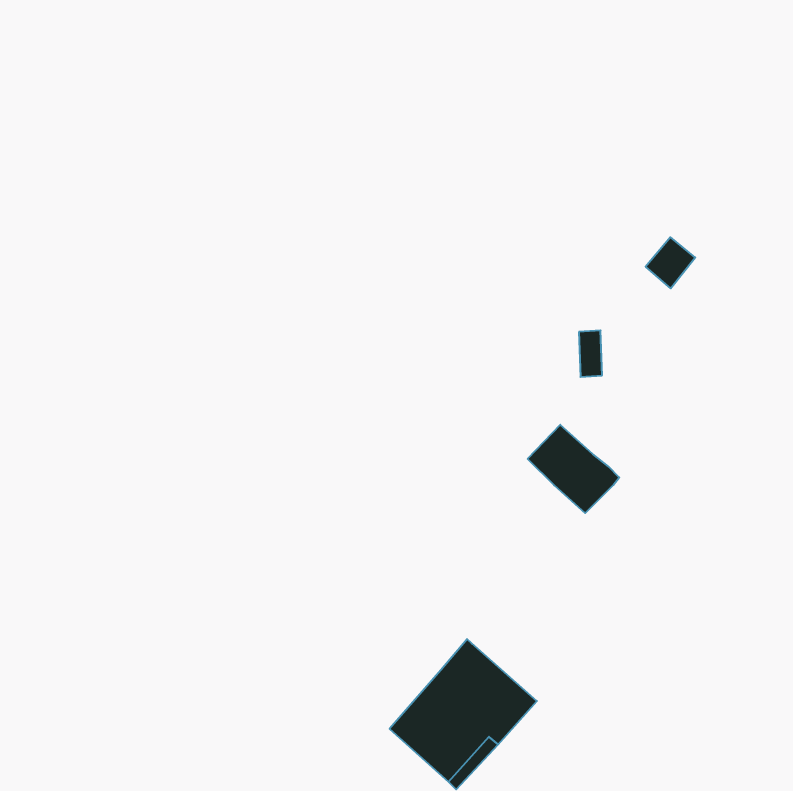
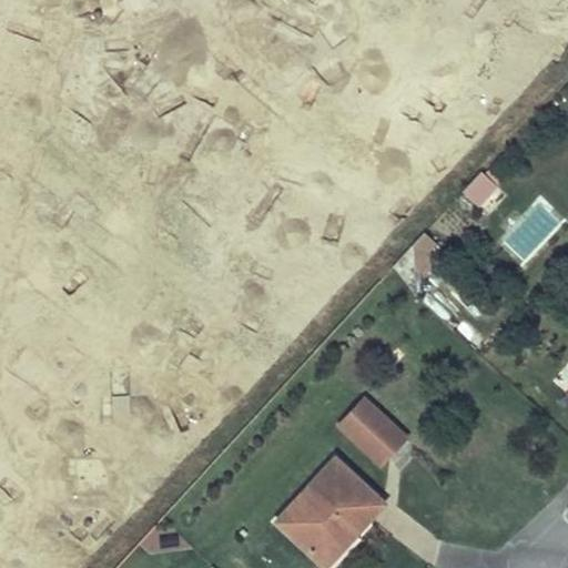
building: [528,425,619,513] -> [341,399,406,463]

